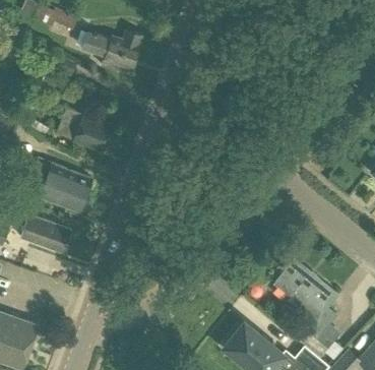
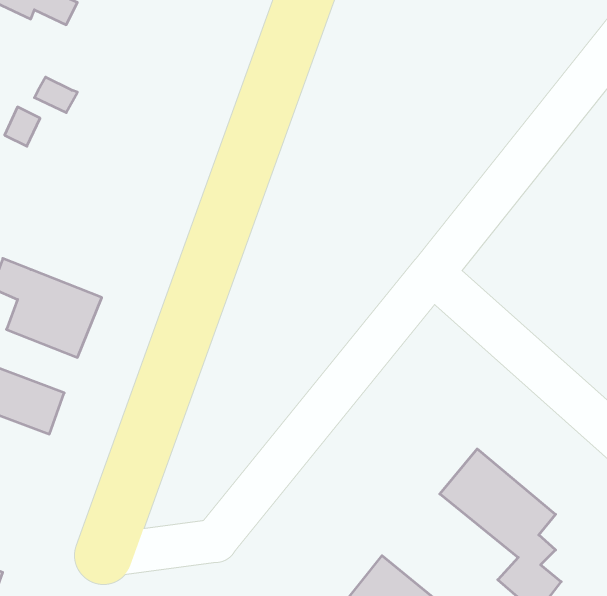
building: [81,30,141,71] -> none
building: [56,107,112,150] -> none

